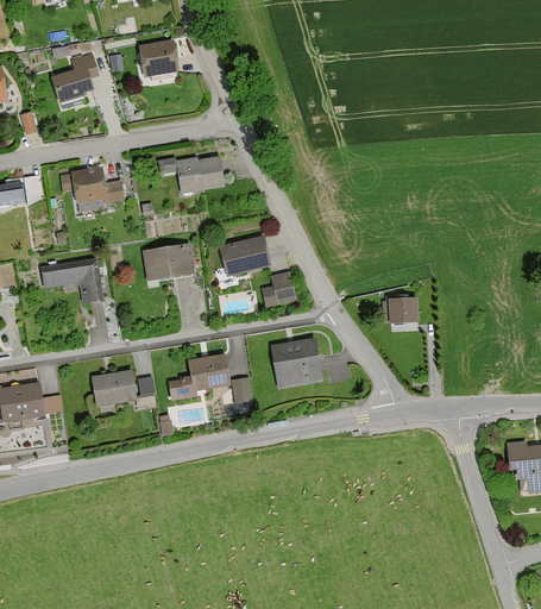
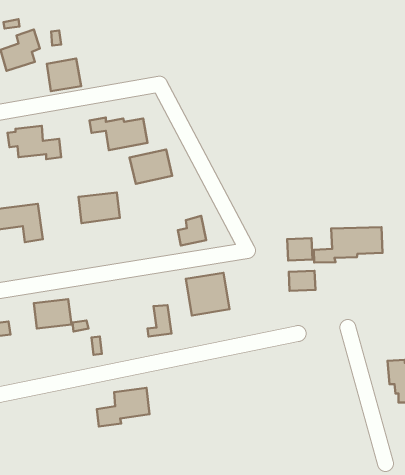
building: [137,39,177,77] -> [47,59,81,91]
building: [219,236,269,276] -> [130,149,172,184]
building: none -> [314,227,382,263]
building: none -> [289,271,315,291]
building: [166,353,228,398] -> [97,388,150,426]

